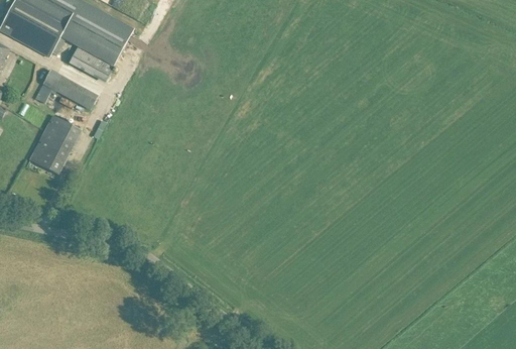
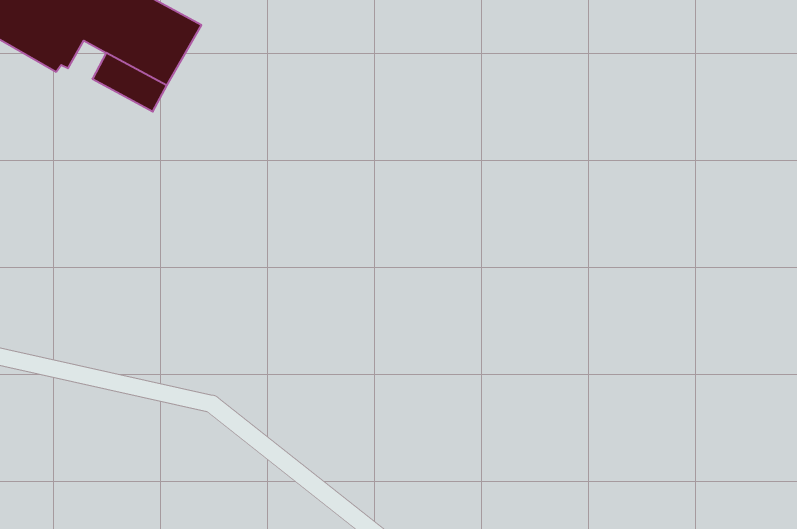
building: [34,70,97,108] -> none
building: [29,115,81,173] -> none

